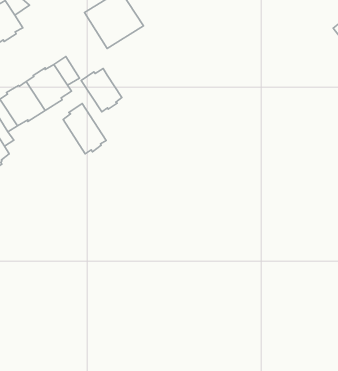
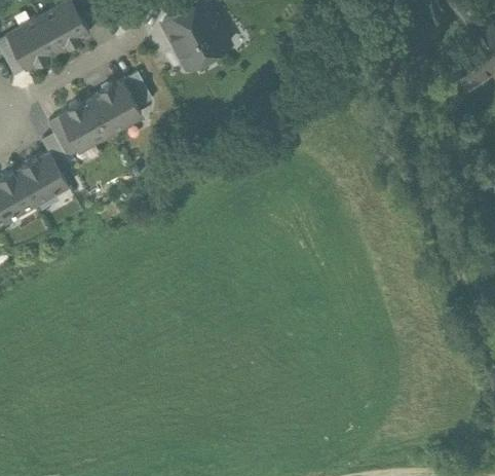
building: [81,69,122,112] -> none
building: [63,104,106,154] -> none

